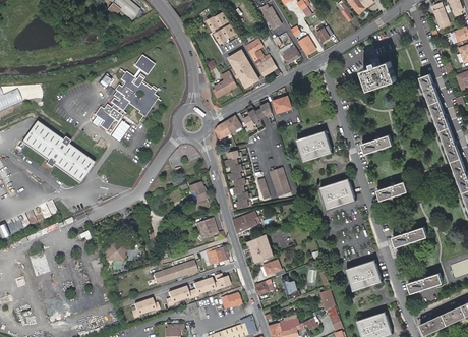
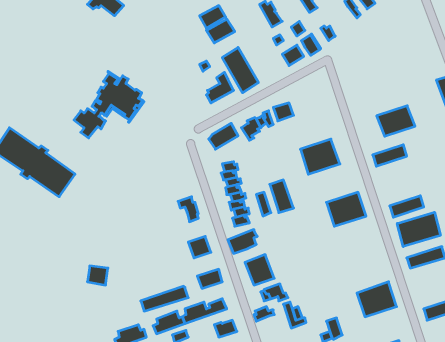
building: [245,39,276,75] -> none
building: [362,62,397,90] -> [377,106,415,136]
building: none -> [397,212,440,247]

